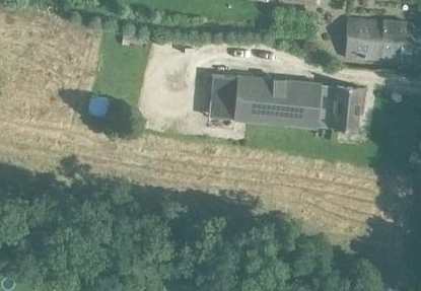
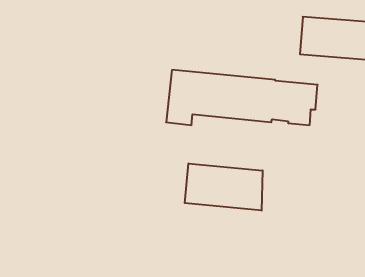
building: none -> [185,163,263,211]

